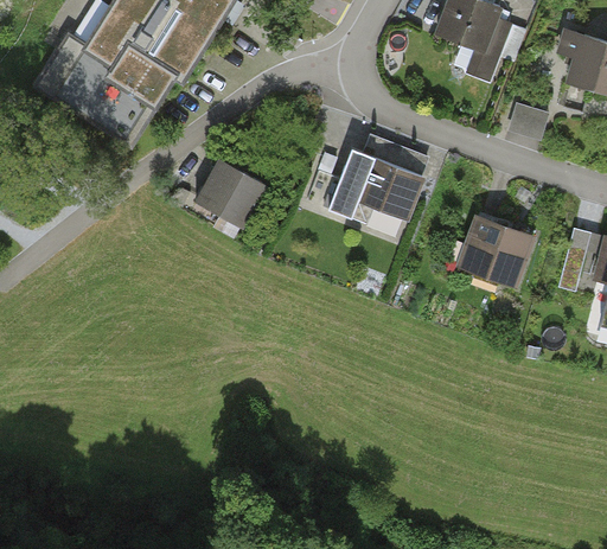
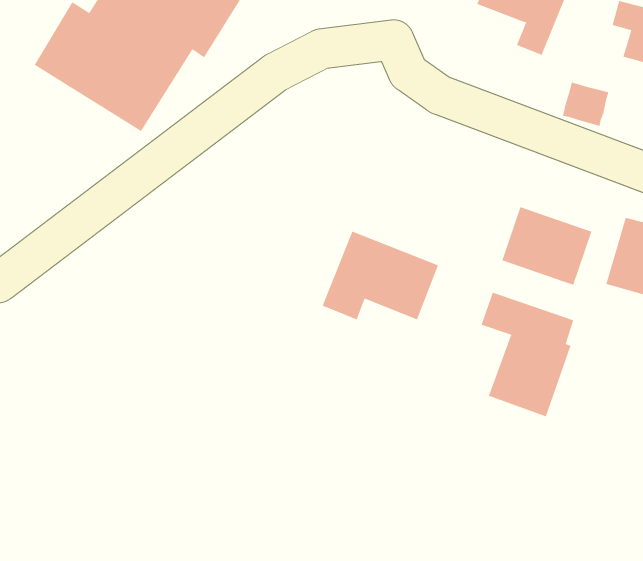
building: [325,140,430,221] -> [322,231,439,320]
building: [194,159,263,225] -> none
building: none -> [481,292,574,417]

